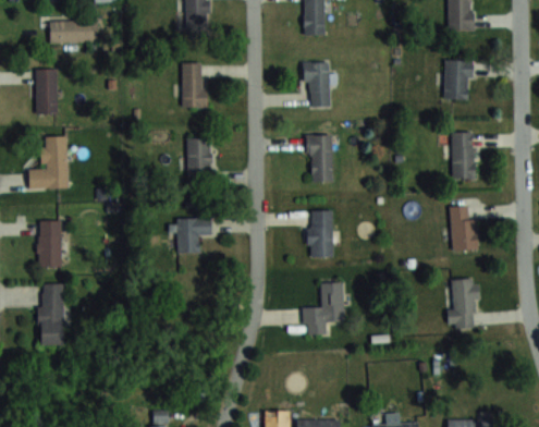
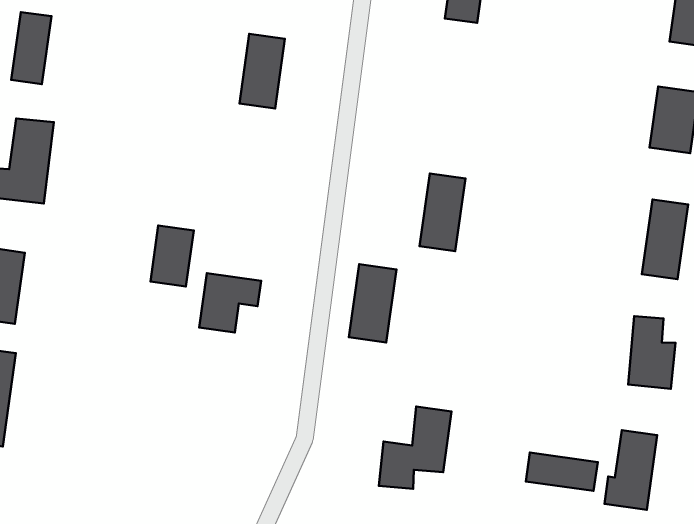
building: [305,62,329,107] -> none
building: [187,138,210,174] -> [150,225,194,286]
building: [309,210,333,257] -> [349,264,396,342]
building: none -> [526,452,598,491]

